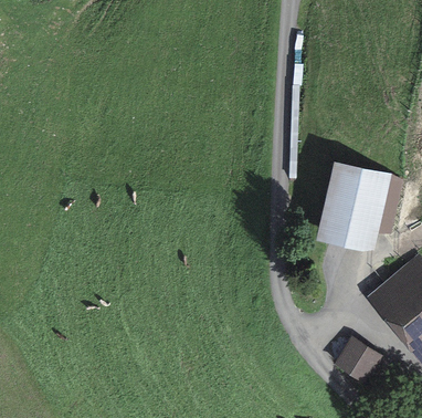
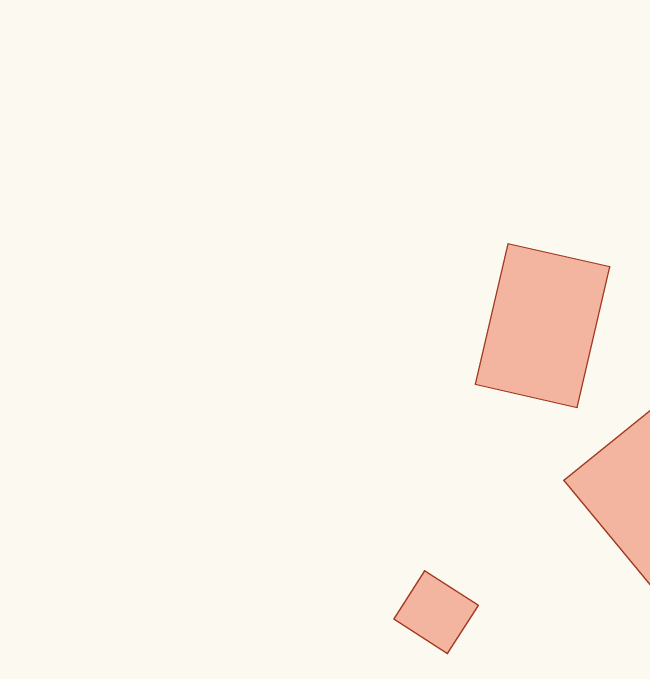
building: [334,337,382,385] -> [394,571,478,654]

